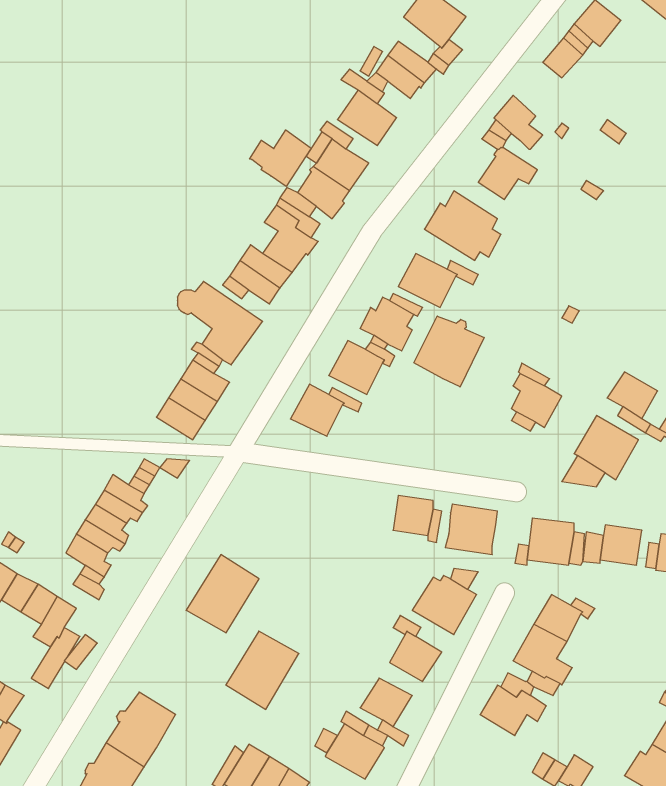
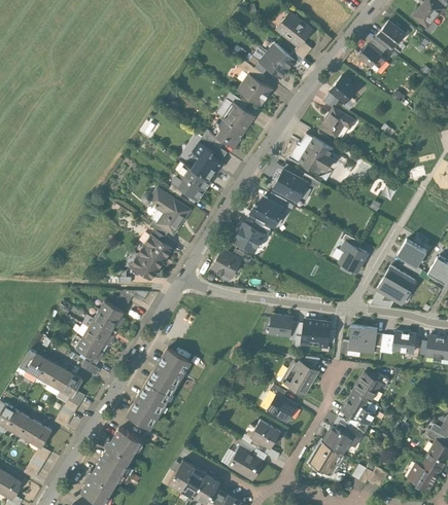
building: [250,130,311,186] -> none
building: [414,316,484,387] -> none
building: [226,631,299,709] -> [128,381,171,427]
building: none -> [310,442,342,477]

